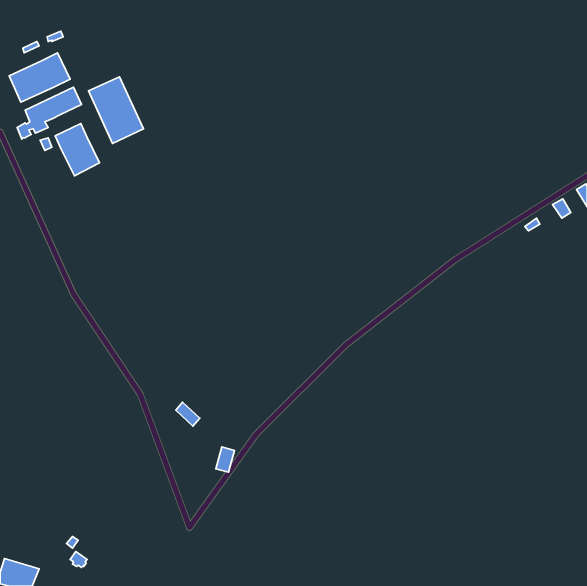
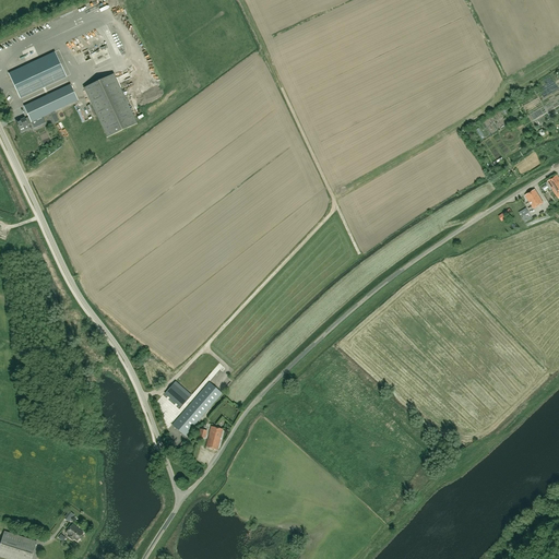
building: [55,124,100,176] -> none
building: none -> [173,381,222,435]

